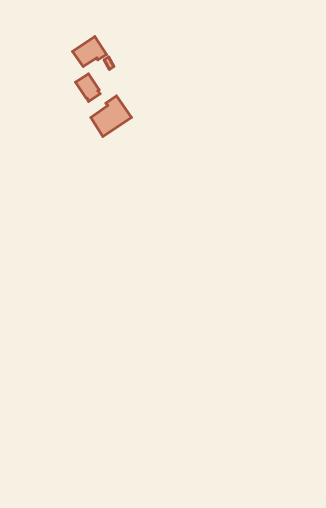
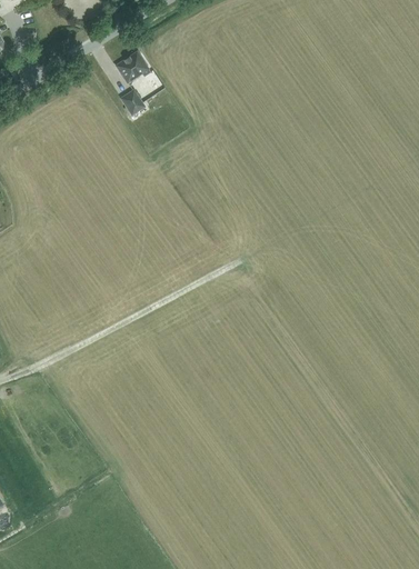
building: [91,96,131,137] -> none

